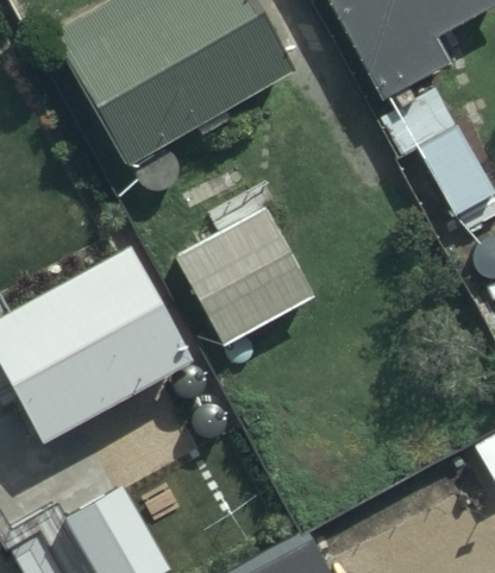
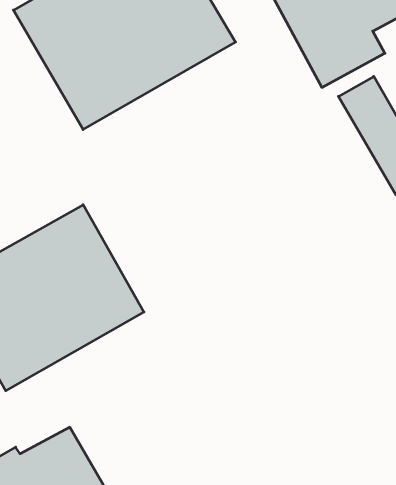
building: [177,208,319,346] -> none

